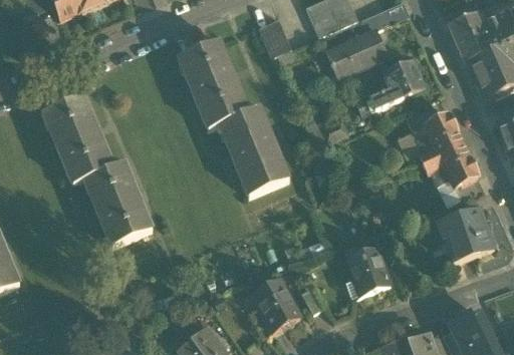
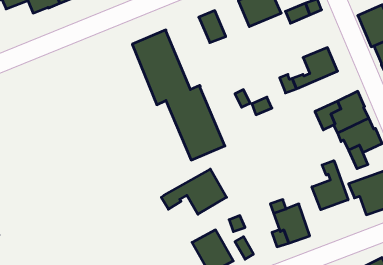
building: [327,30,387,76] -> none
building: [44,95,153,246] -> none
building: none -> [312,161,348,210]
building: none -> [161,169,227,214]

